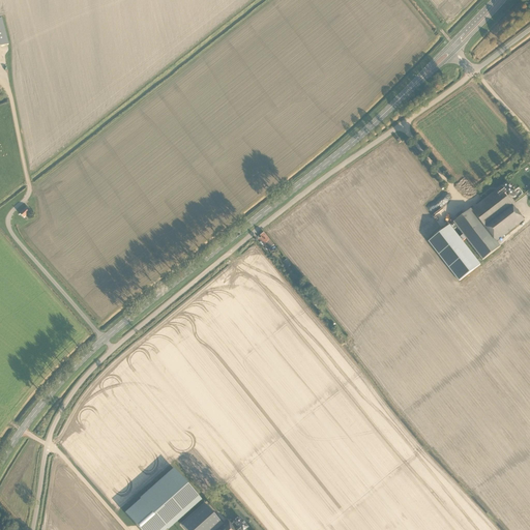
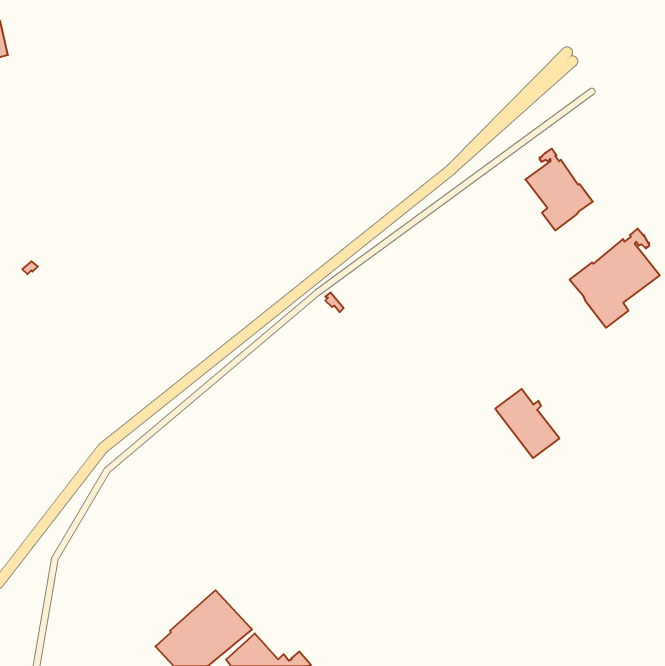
building: none -> [525,149,593,230]
building: [428,225,478,279] -> [495,389,559,458]

